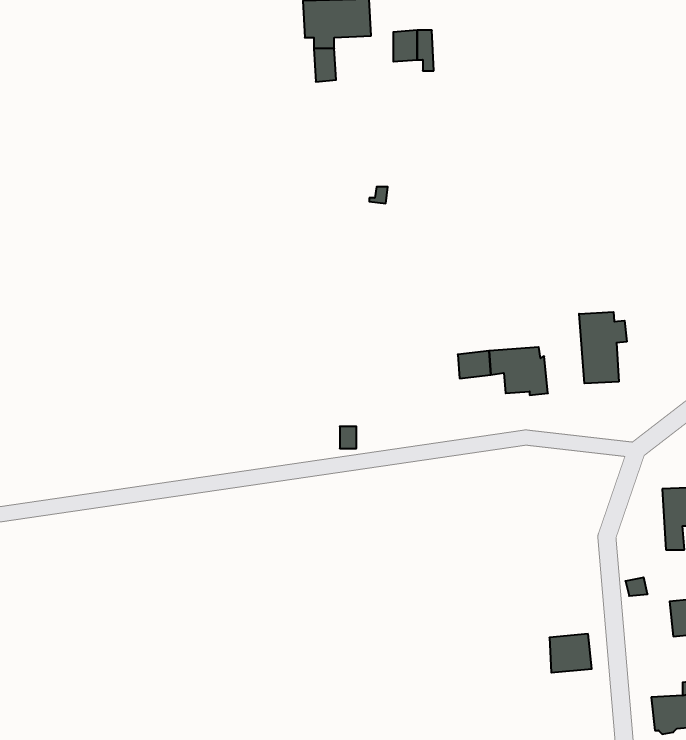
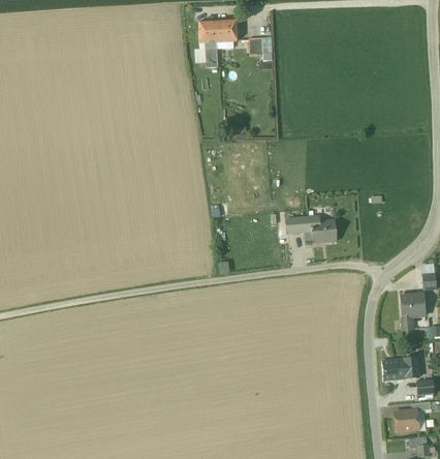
building: [579,312,627,383] -> none
building: [549,634,592,673] -> [382,358,406,379]

